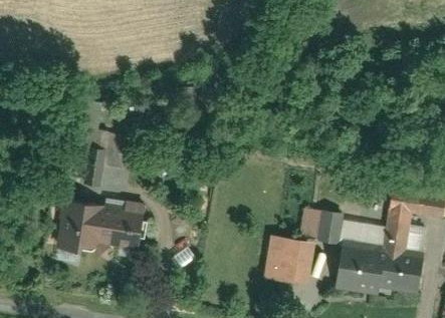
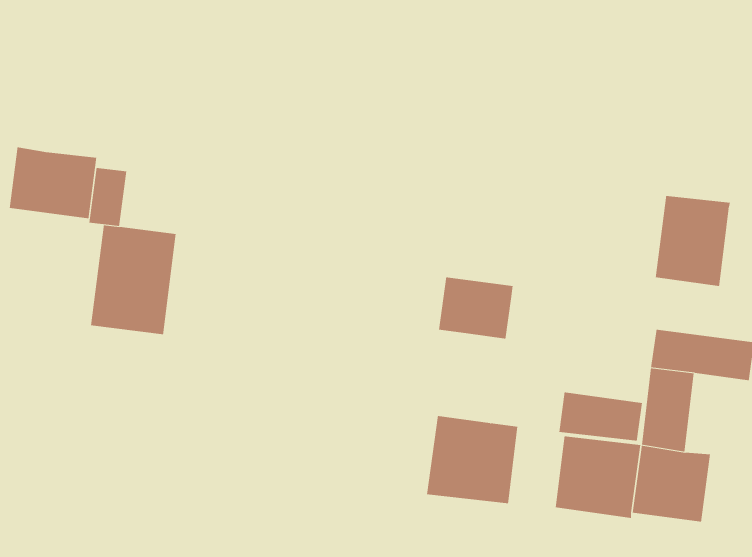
building: none -> [9,146,97,219]
building: none -> [655,195,730,287]
building: [55,202,144,252] -> none
building: [300,211,342,245] -> [438,277,514,339]

